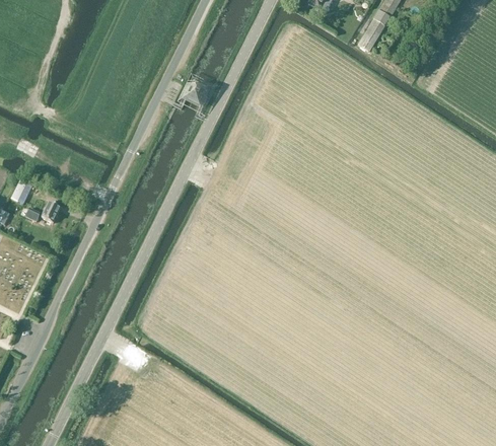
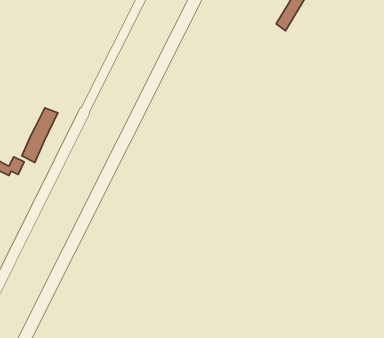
building: none -> [22,108,58,162]

